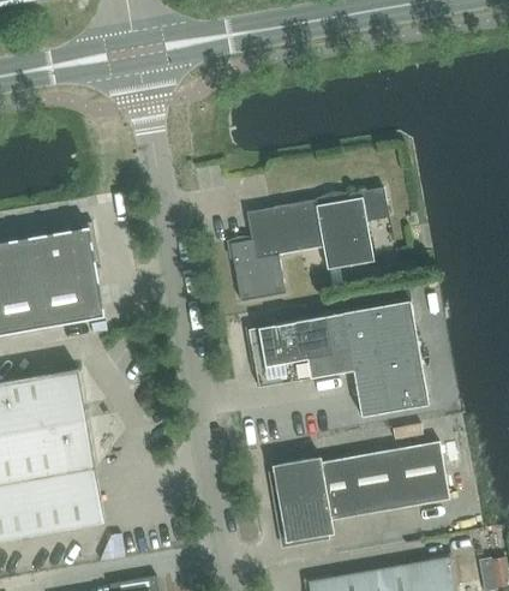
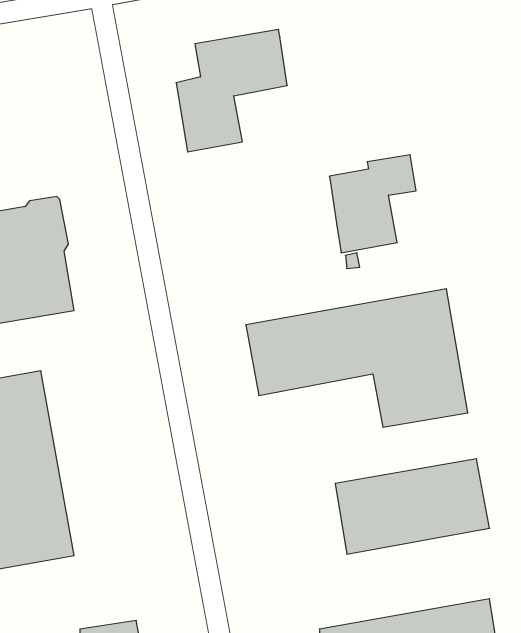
building: [229,201,322,303] -> [176,29,287,152]
building: [270,458,333,543] -> none

